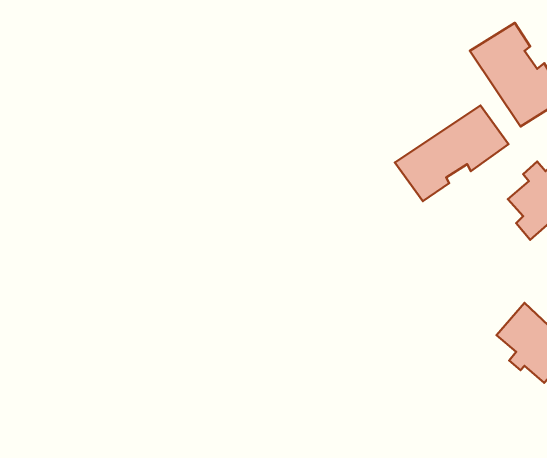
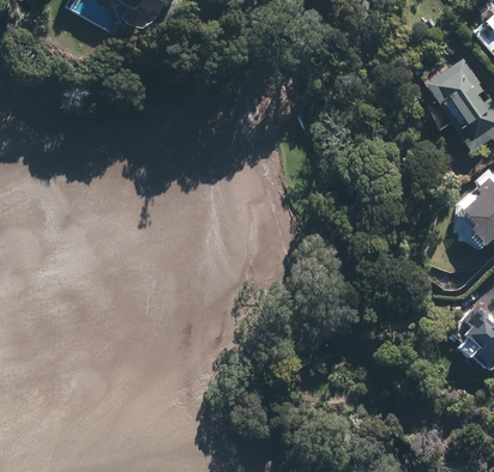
building: [395,105,508,201] -> none

